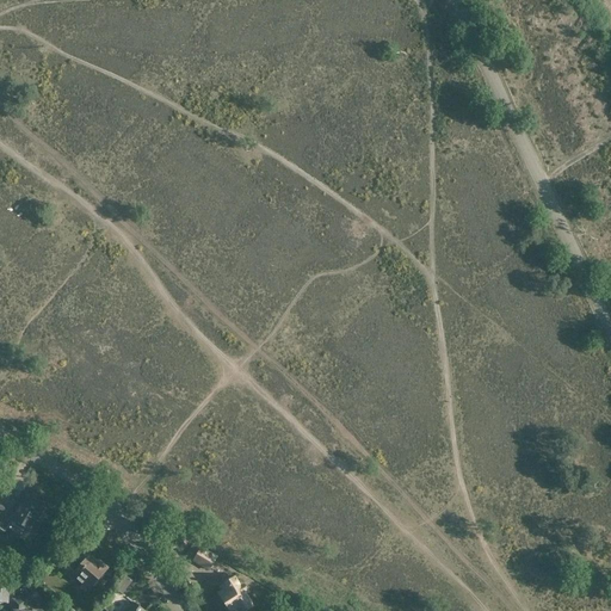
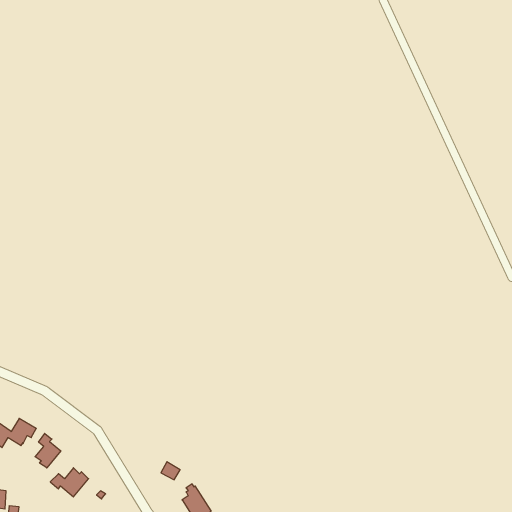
building: none -> [35,433,61,468]

